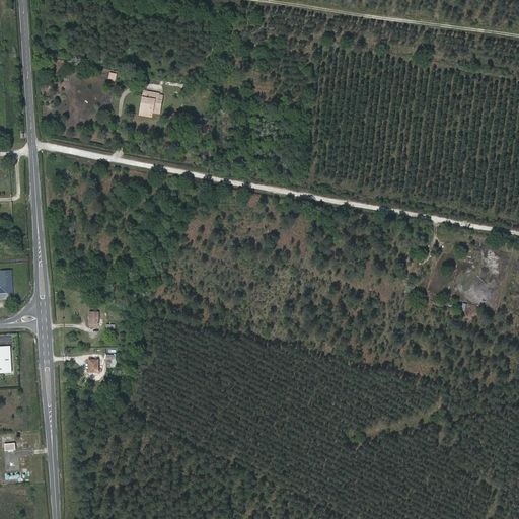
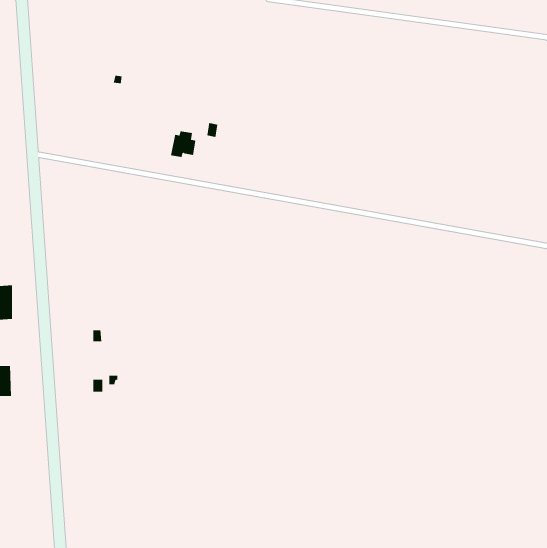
building: [136,91,160,117] -> [170,131,196,158]

